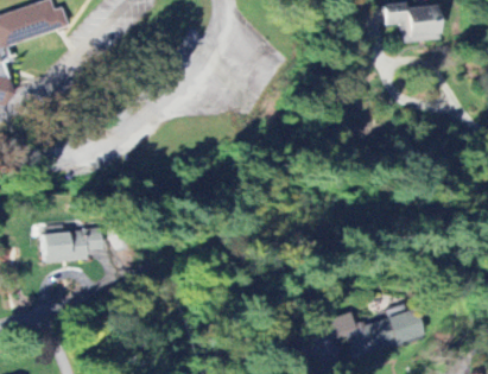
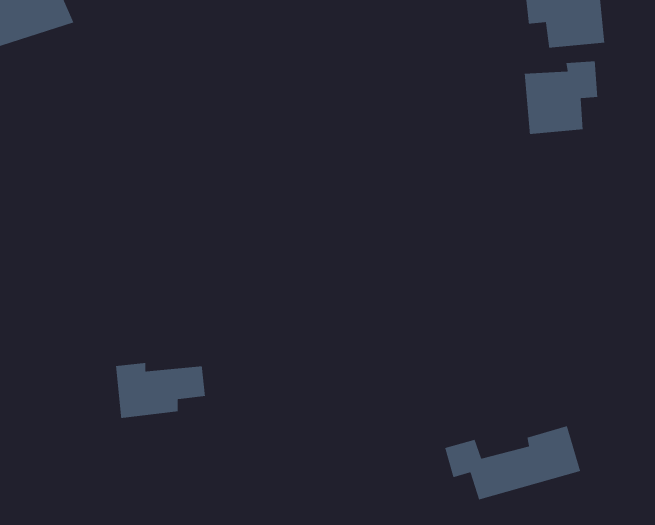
building: none -> [524,61,598,135]
building: [40,223,103,262] -> [115,362,206,419]

